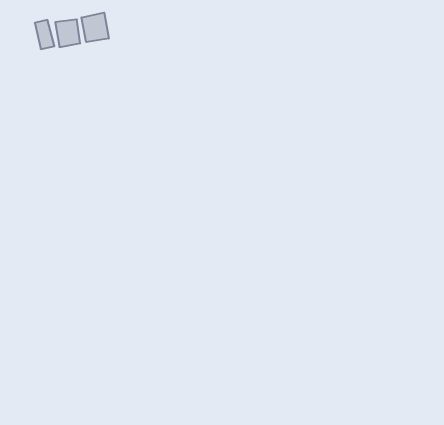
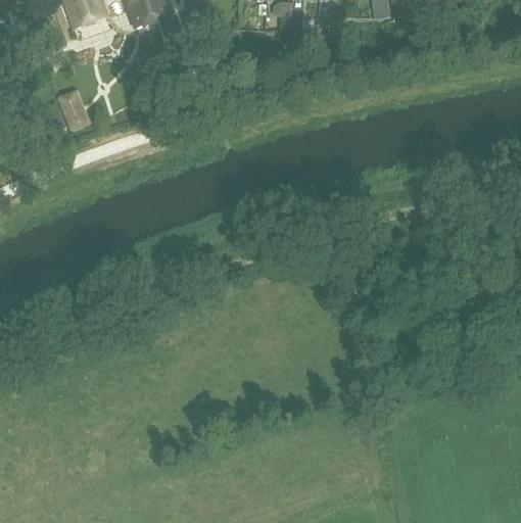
building: [81,13,109,42] -> none

